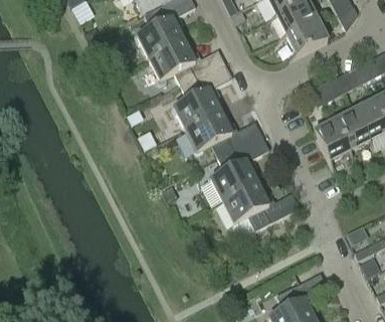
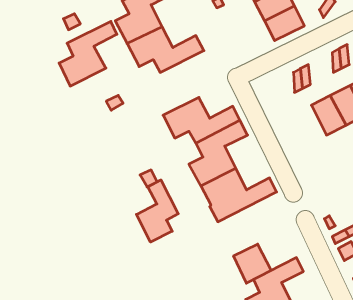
building: [174,63,232,129] -> [59,21,117,86]
building: [314,119,350,159] -> none
building: none -> [136,180,178,242]
building: none -> [234,244,271,283]

